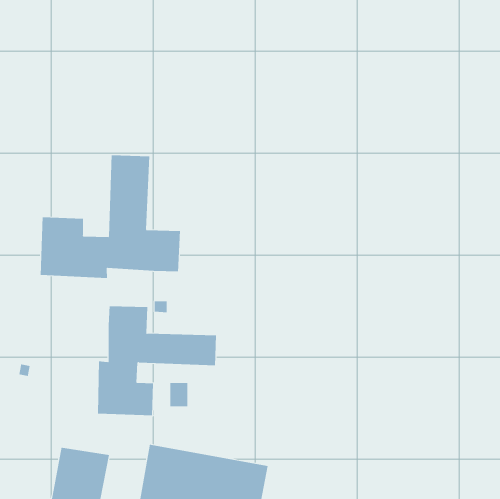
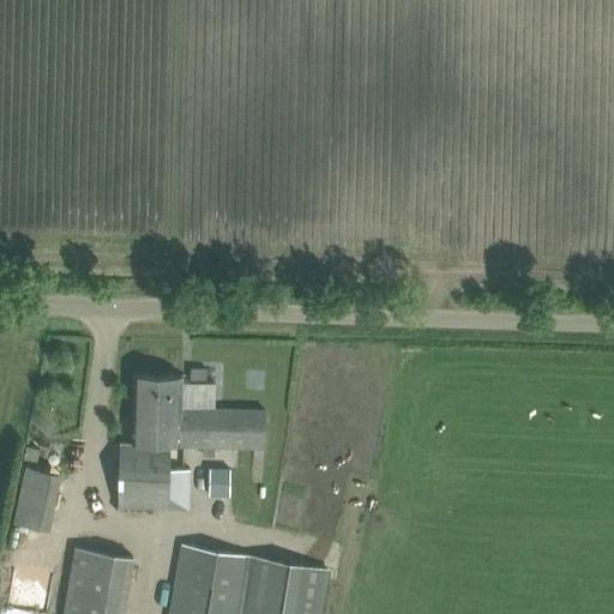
building: [40,155,180,279] -> none
building: none -> [14,466,61,531]

